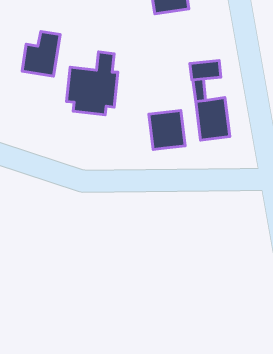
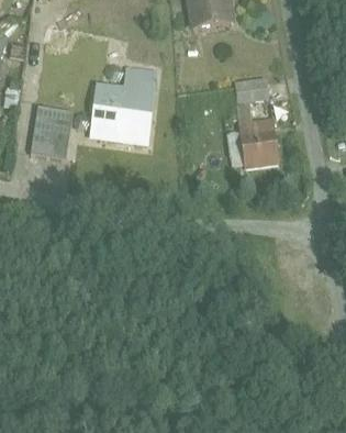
building: [22,31,60,76] -> [31,107,74,157]
building: [149,110,185,150] -> none

